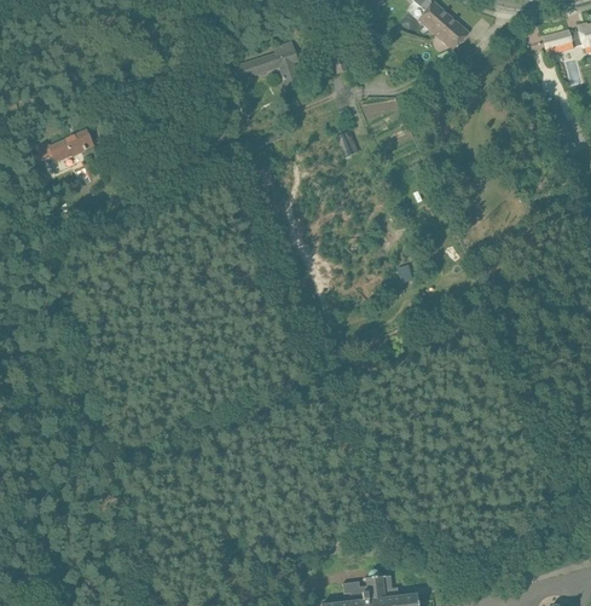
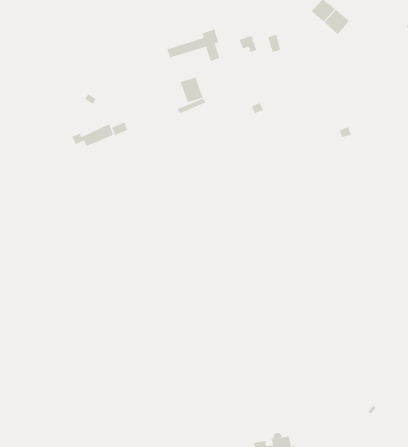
building: none -> [180,77,203,103]
building: [37,131,93,161] -> [71,123,114,147]

